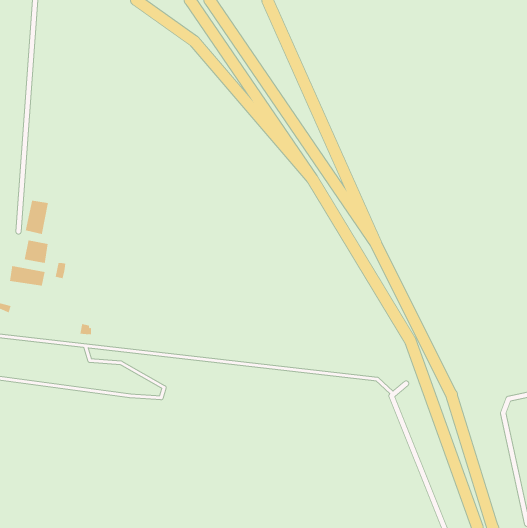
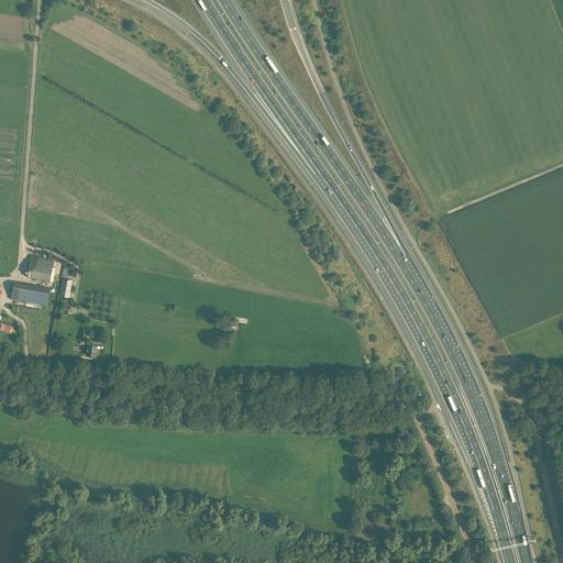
building: [25,200,49,235] -> none

